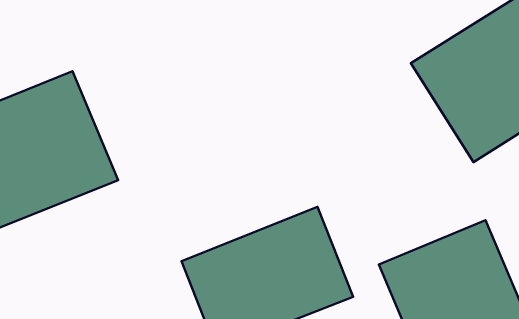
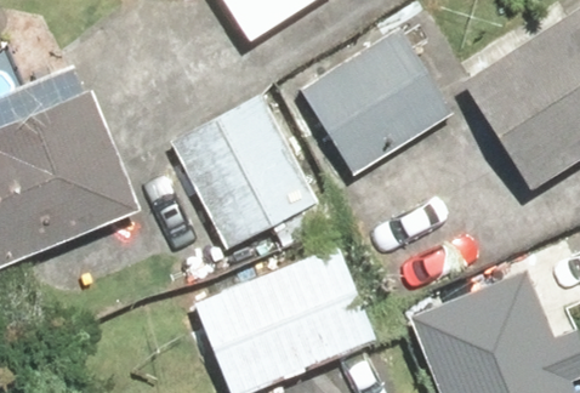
building: none -> [300,25,457,178]
building: none -> [172,91,324,254]

